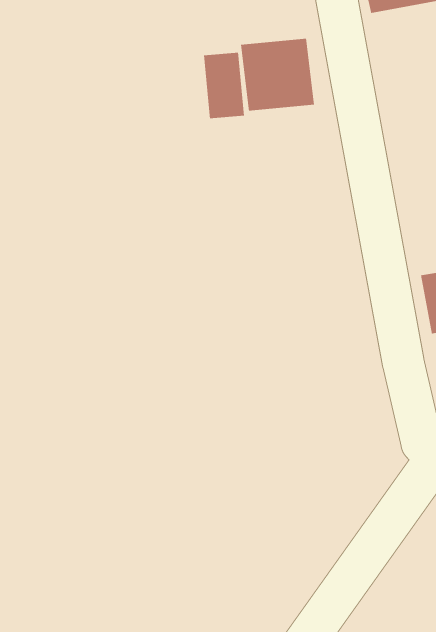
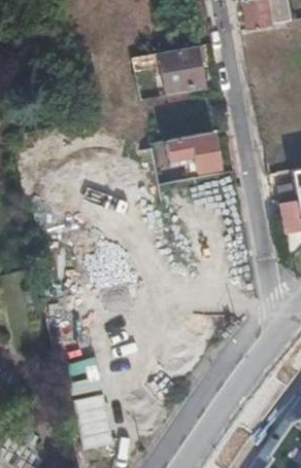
building: none -> [168,131,227,175]

